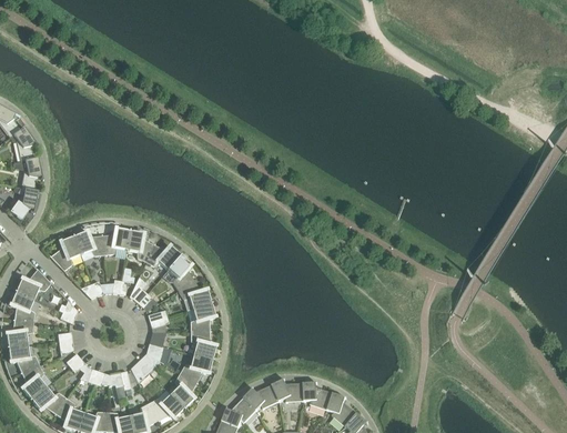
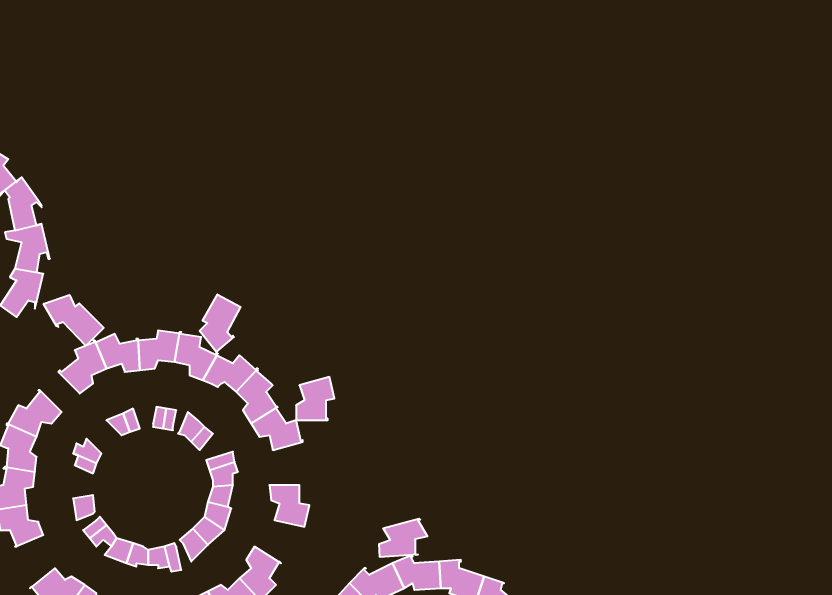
building: none -> [200,294,241,352]
building: none -> [44,295,104,346]
building: [190,302,215,331] -> [296,377,334,420]
building: none -> [379,519,427,557]
building: [180,354,213,383] -> none
building: [20,364,47,400] -> none

